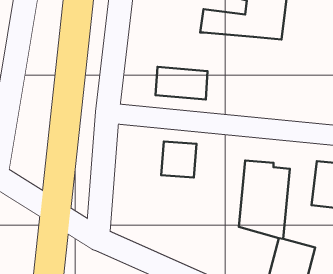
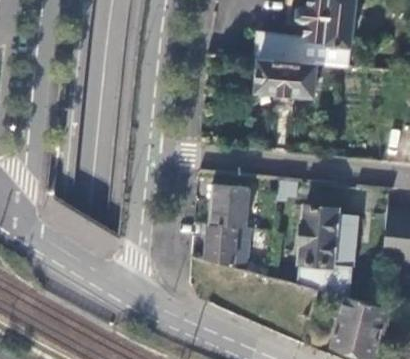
building: [156,67,208,100] -> [254,58,314,96]
building: none -> [203,223,250,269]

